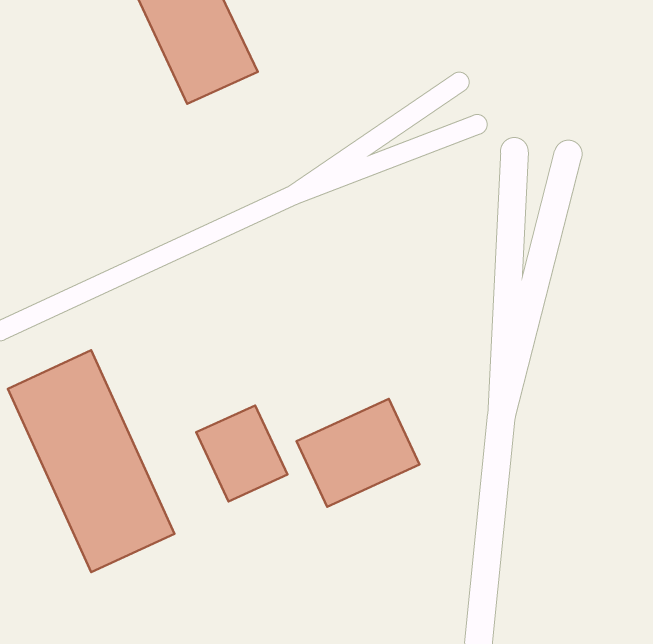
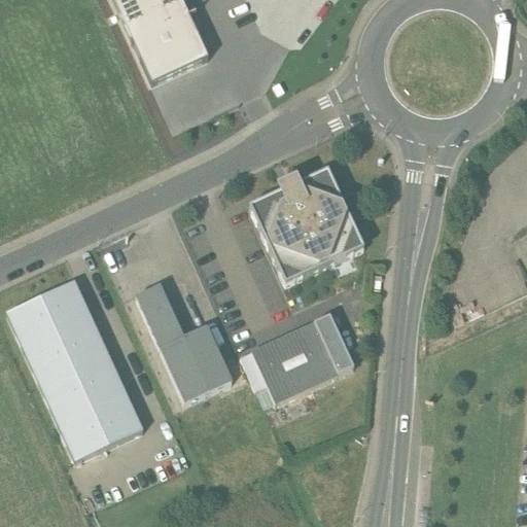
building: none -> [249,170,363,283]
building: none -> [136,283,184,347]
building: none -> [314,313,354,373]

